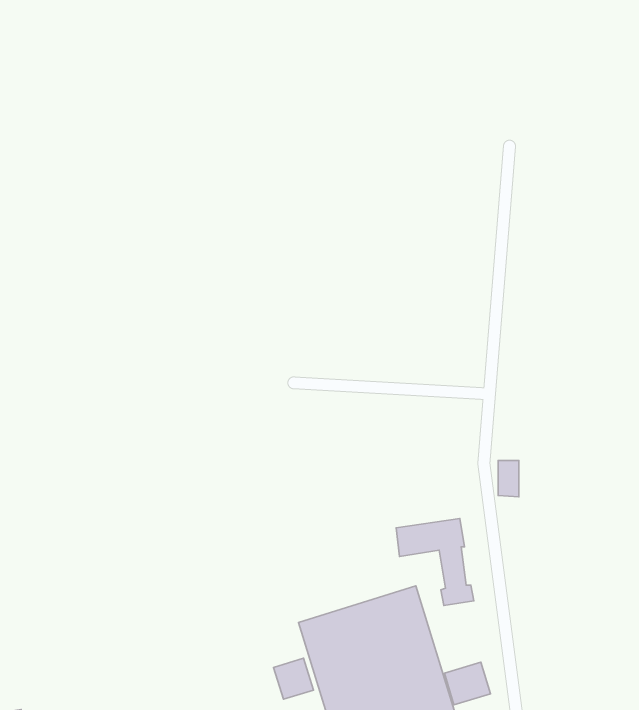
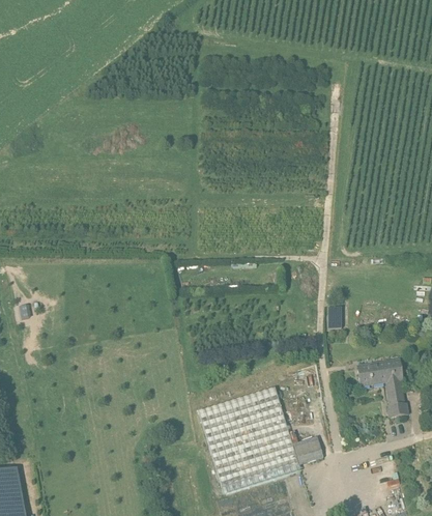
building: [396,518,474,606] -> [356,360,407,417]
building: [274,658,313,699] -> none

